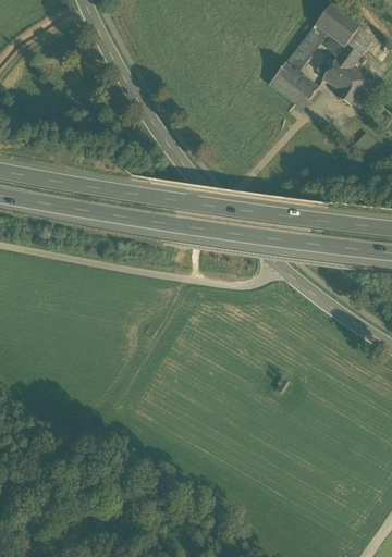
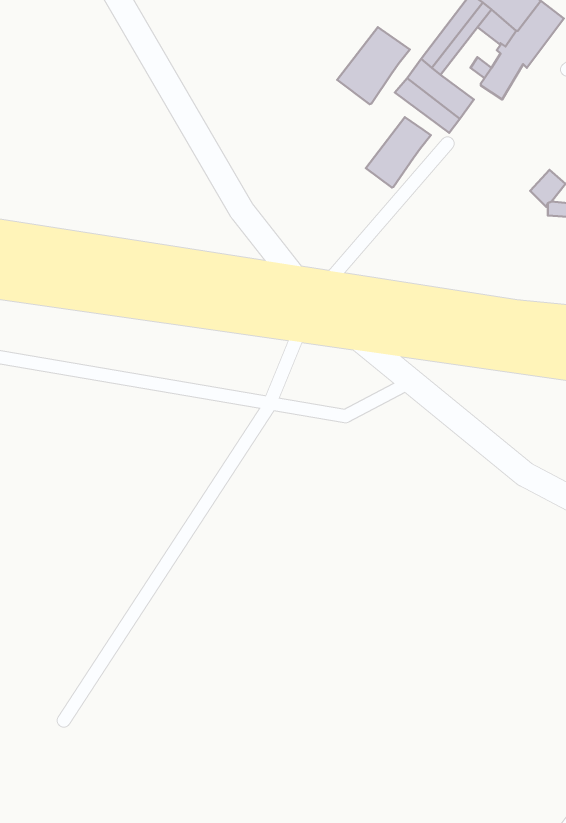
building: none -> [337,27,410,104]
building: [335,64,368,103] -> none
building: none -> [366,117,431,188]

